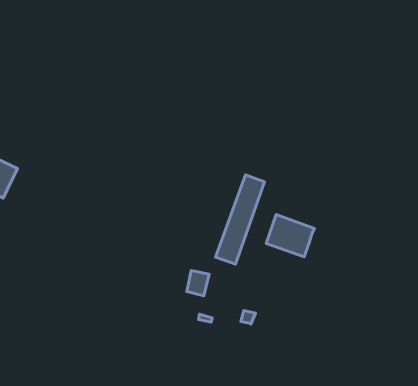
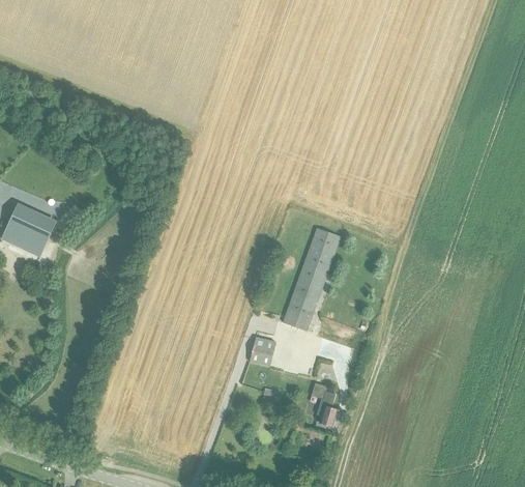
building: [266,214,315,257] -> none
building: none -> [319,392,338,427]

